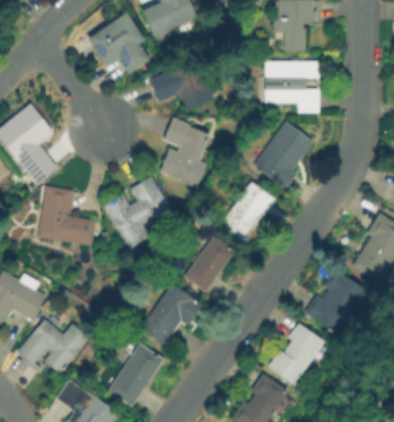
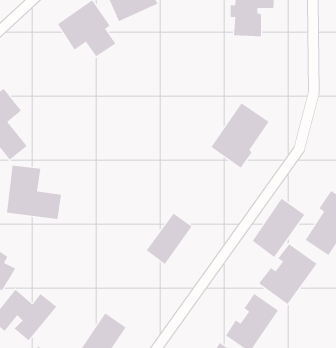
building: [150,59,215,111] -> none
building: [262,61,317,112] -> none
building: [157,119,209,188] -> none
building: [103,177,171,248] -> none
building: [217,180,274,244] -> [252,198,305,258]
building: [135,285,202,346] -> none

